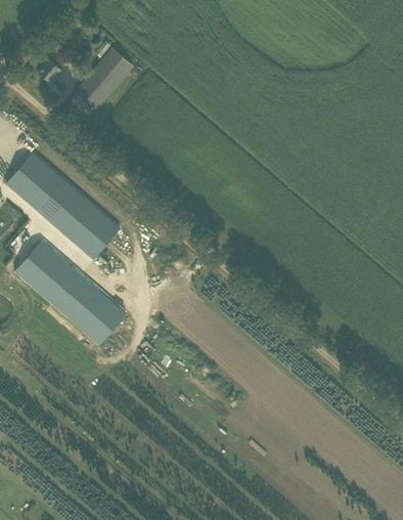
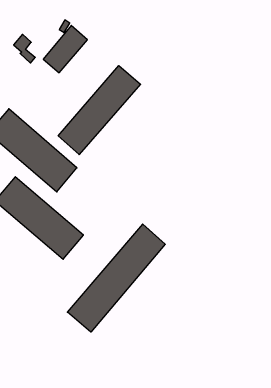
building: none -> [58,66,141,155]
building: none -> [67,224,165,332]

